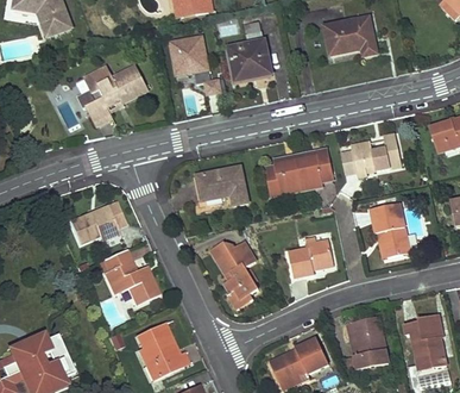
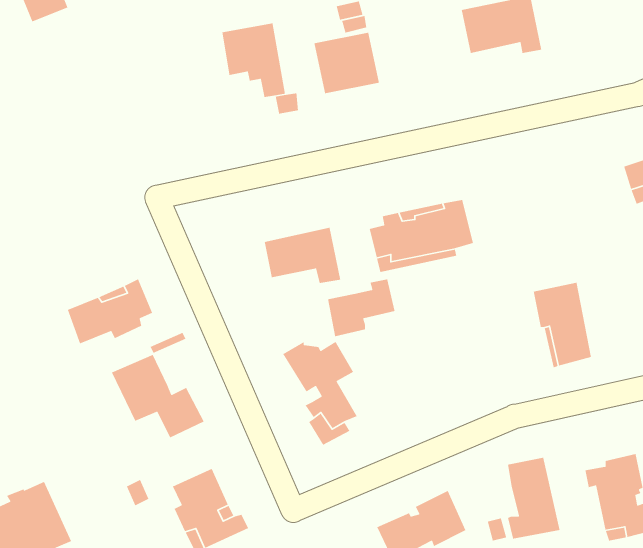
building: [83,64,147,125] -> none
building: [349,133,401,176] -> none
building: [288,239,332,277] -> [327,278,395,337]

